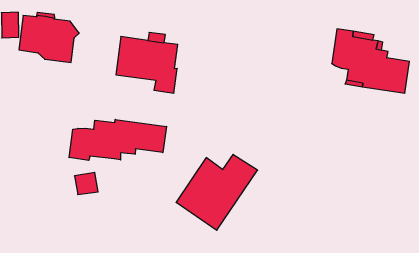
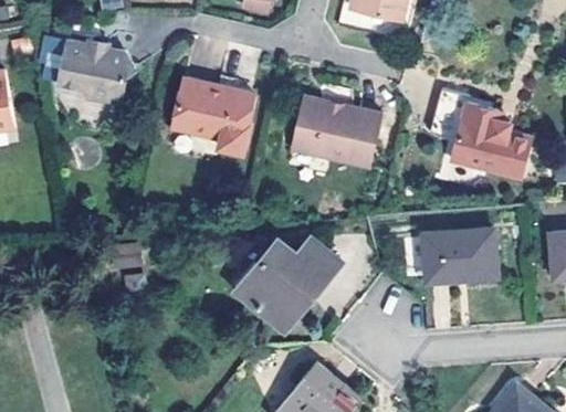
building: none -> [294,95,384,167]
building: [69,119,167,160] -> none
building: none -> [424,230,496,281]

